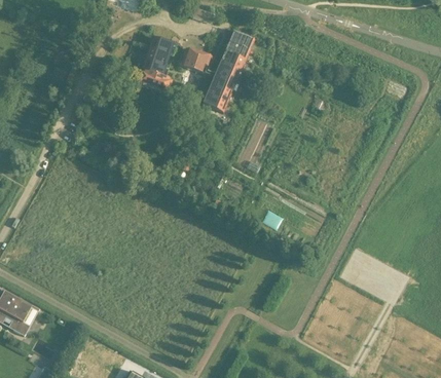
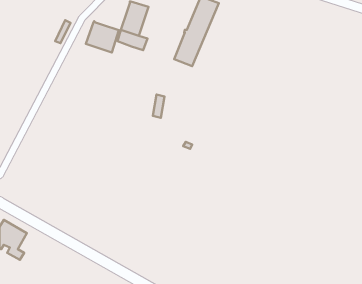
building: [180,48,212,73] -> none
building: none -> [86,21,119,53]

